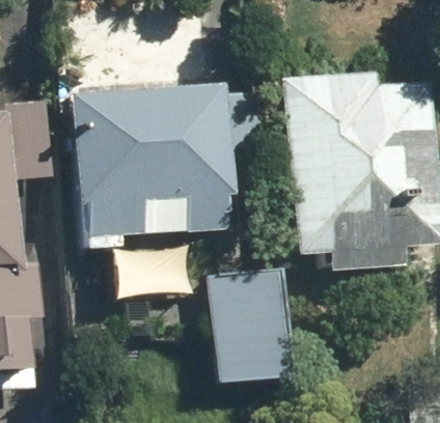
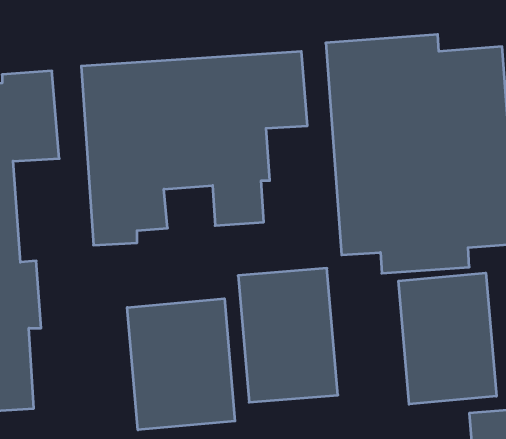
building: none -> [399,273,496,404]
building: none -> [127,299,235,430]

